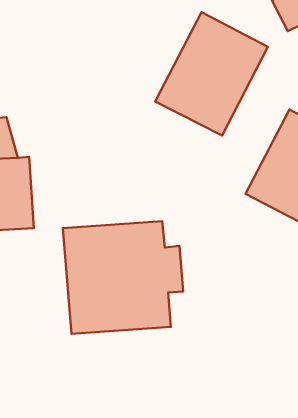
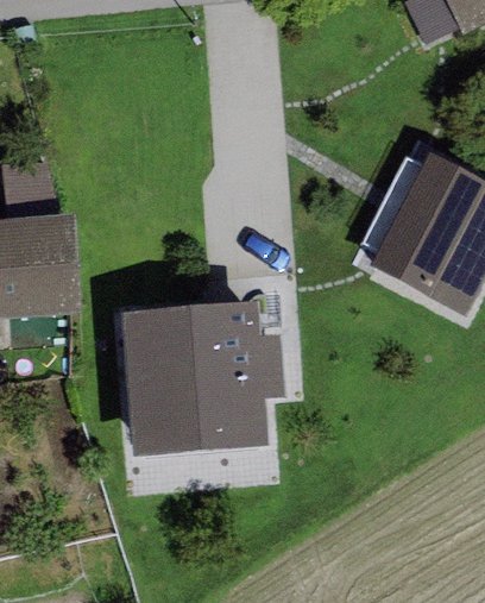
building: [155,12,268,136] -> none

